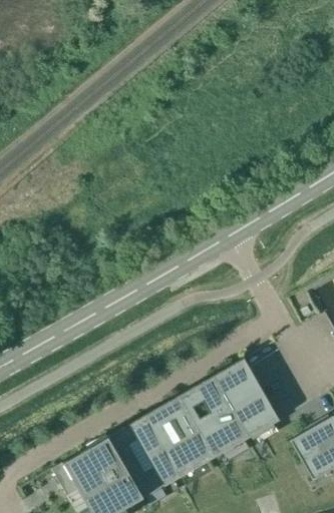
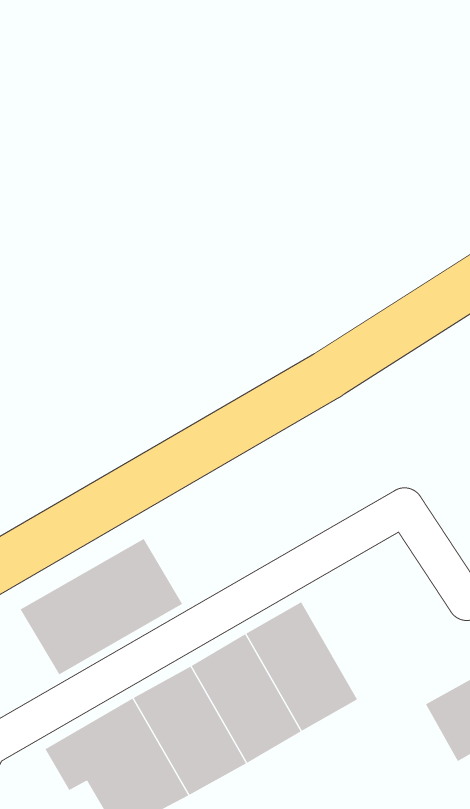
building: none -> [20,538,183,675]
building: [214,359,281,438] -> none

